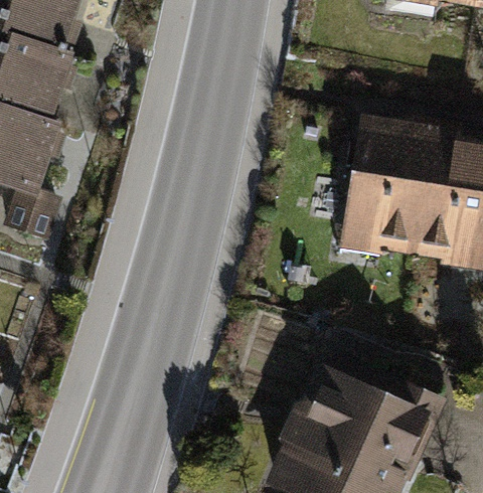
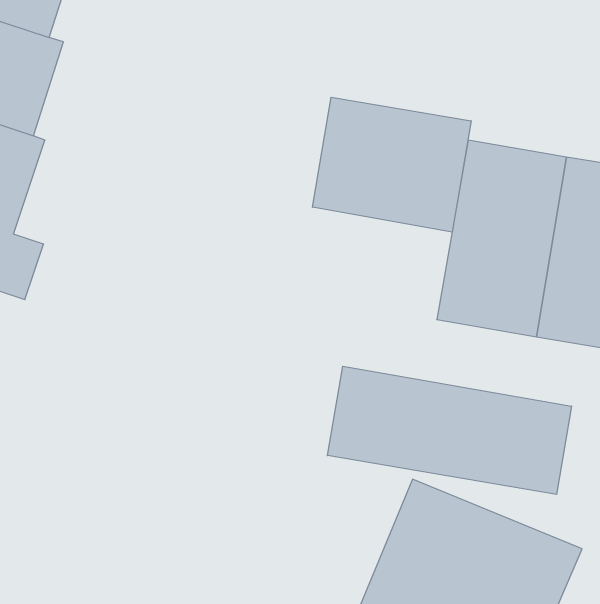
building: none -> [312,97,471,232]
building: none -> [327,366,571,494]

